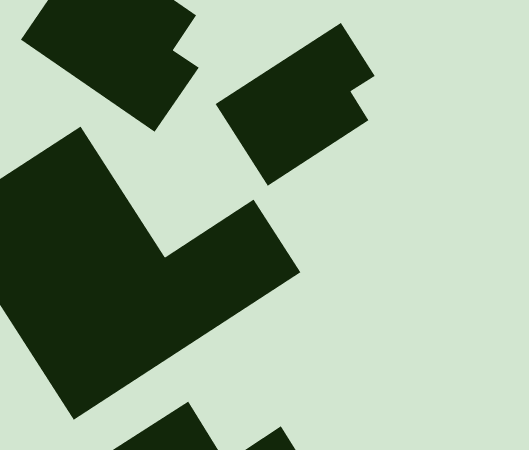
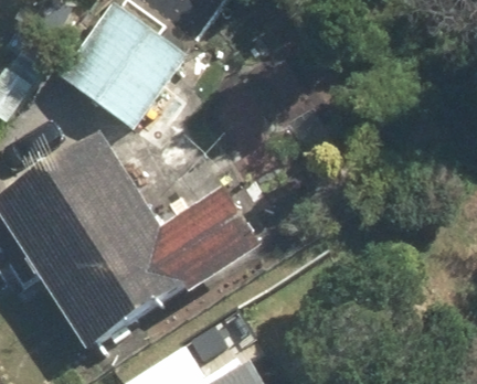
building: [214,22,376,187] -> none

